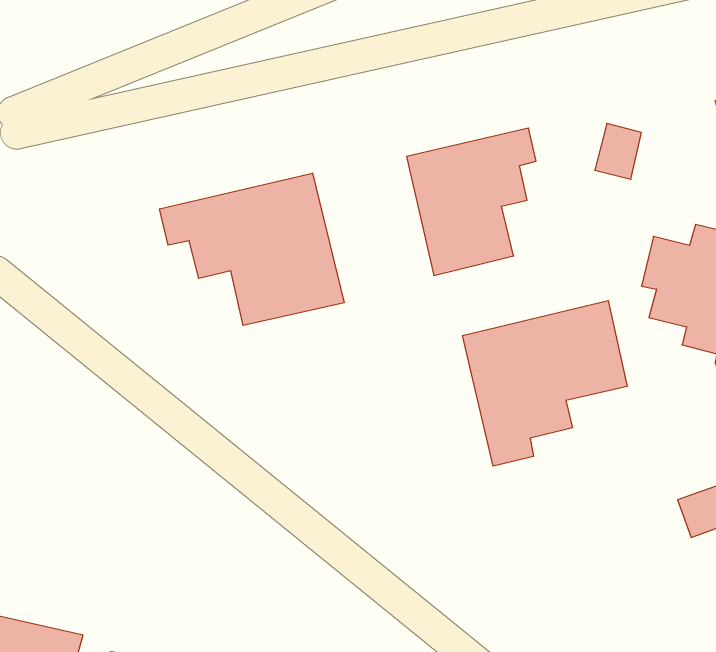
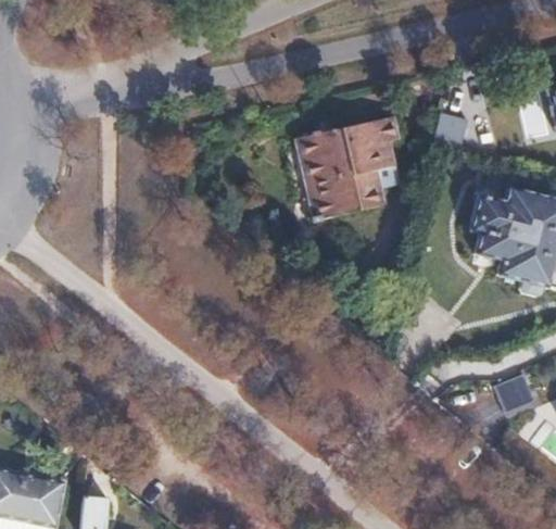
building: [159,173,344,325] -> none
building: [462,301,627,466] -> none

